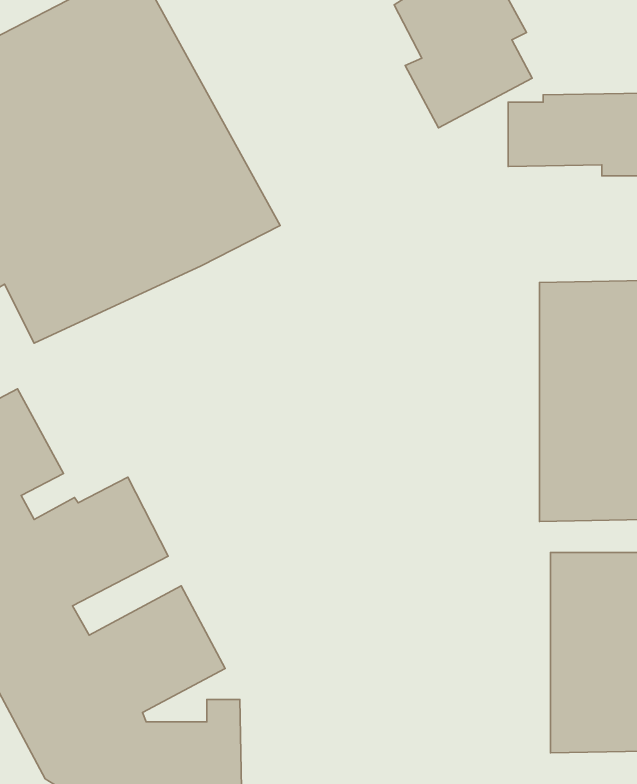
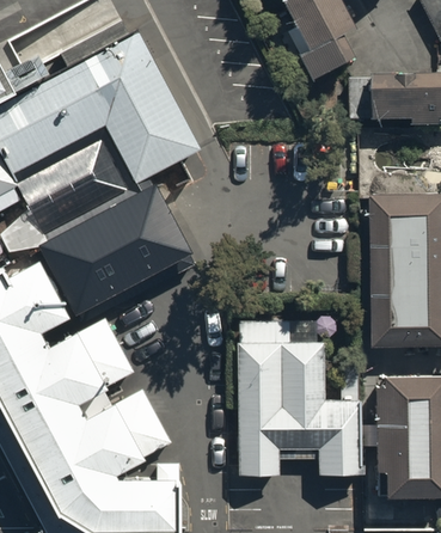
building: none -> [39,183,190,308]
building: none -> [234,320,356,476]

